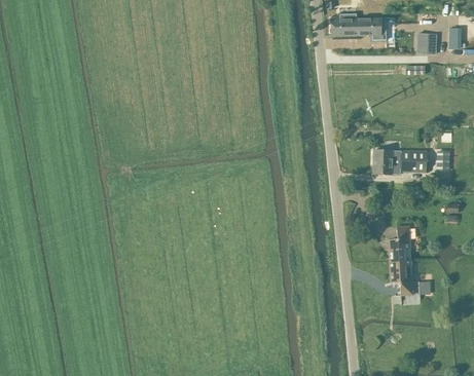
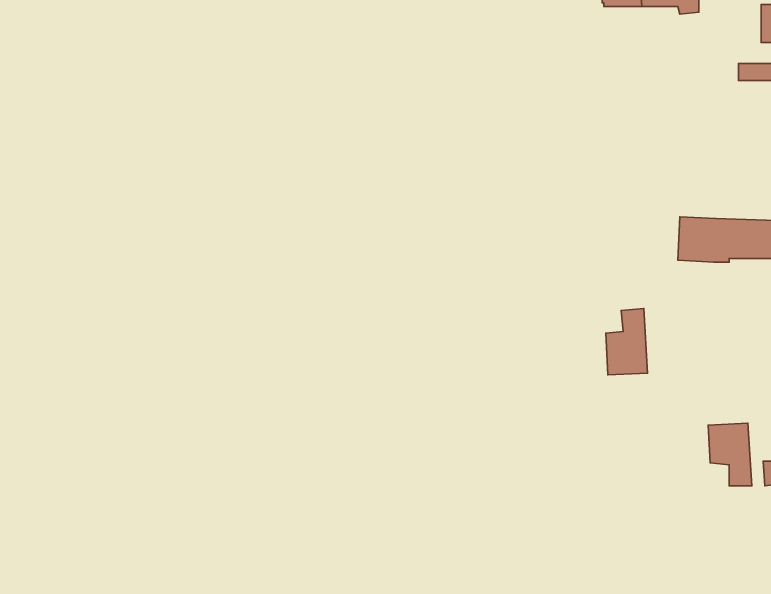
building: [389,226,411,262] -> [606,309,648,375]

